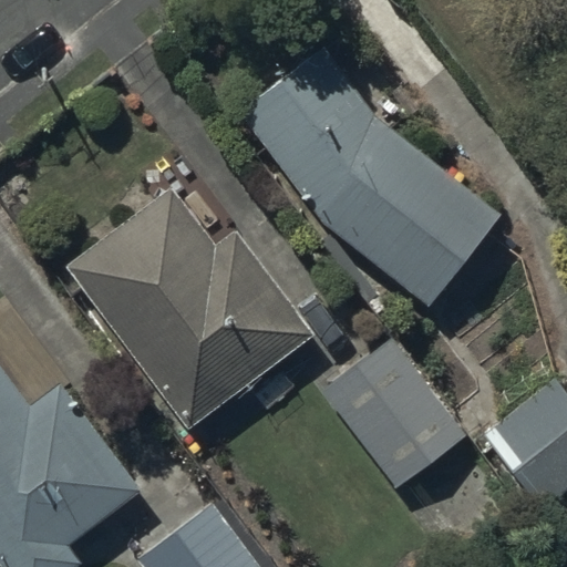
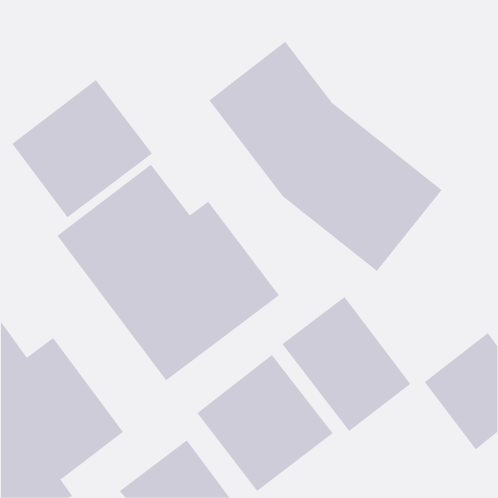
building: none -> [11,79,153,218]
building: none -> [197,354,333,492]

